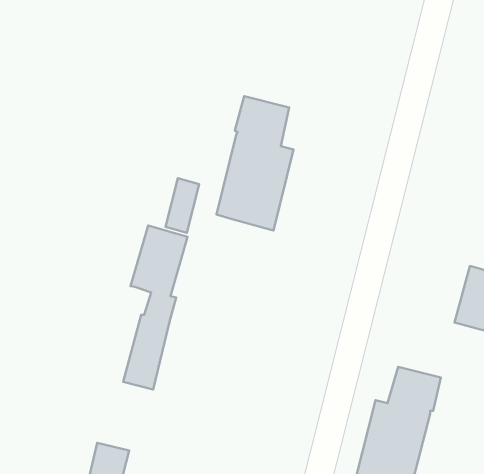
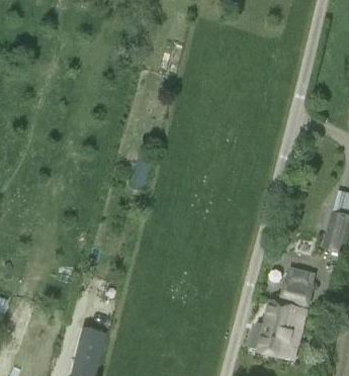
building: [217,96,294,230] -> none
building: [123,225,187,390] -> none

